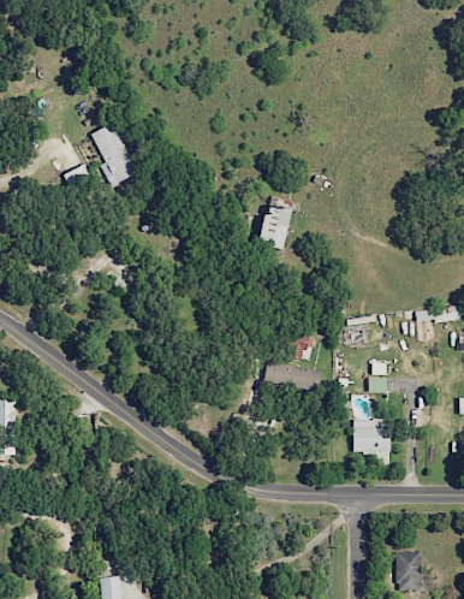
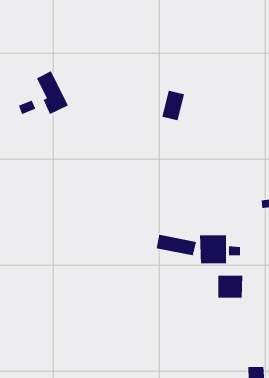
building: [257,204,291,249] -> [161,90,185,121]
building: none -> [200,235,226,264]

